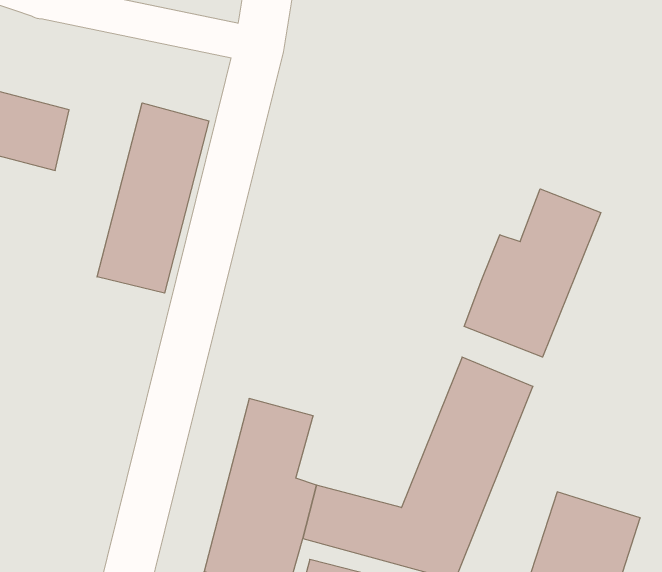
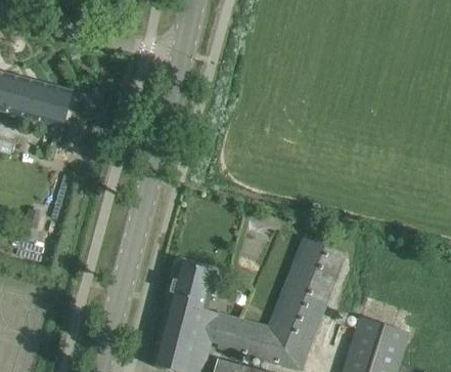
building: [97,103,209,293] -> none
building: [464,189,601,357] -> none

